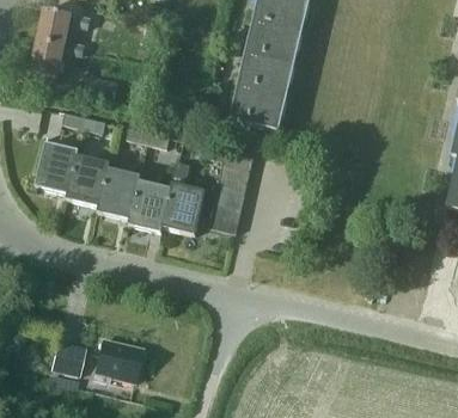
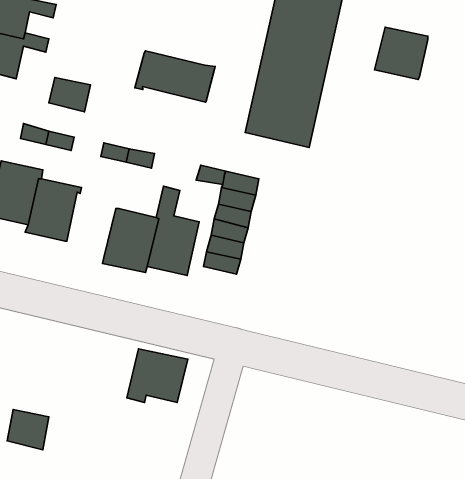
building: none -> [375,27,428,79]
building: none -> [135,51,215,102]
building: [96,166,141,219] -> none
building: [92,339,141,382] -> [127,349,188,402]

